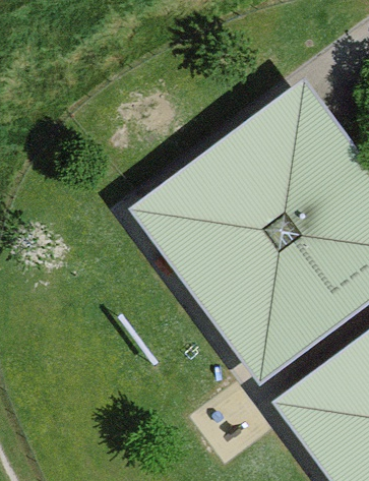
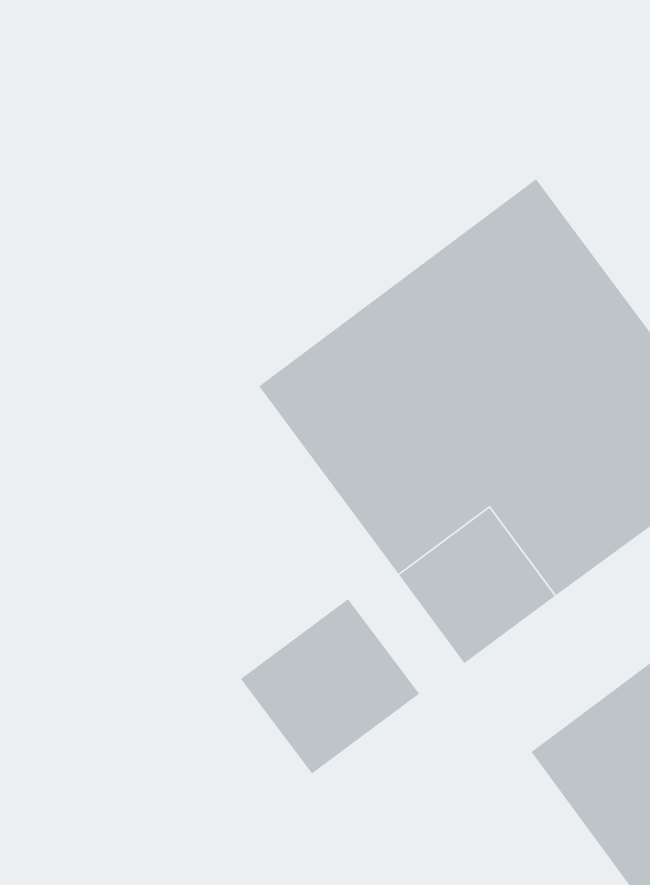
building: none -> [240,598,420,775]

